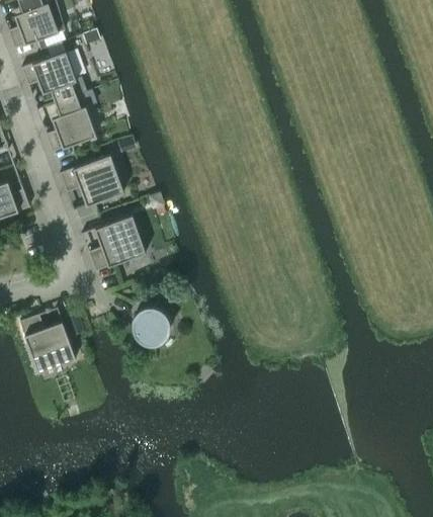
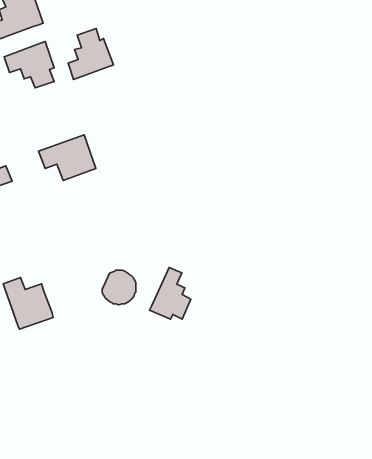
building: [46,95,96,152] -> [68,29,113,79]
building: [88,214,146,271] -> none
building: none -> [149,267,191,319]

